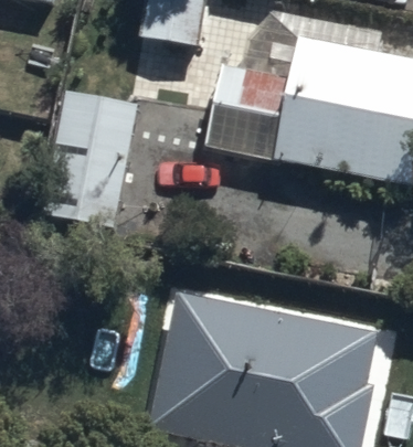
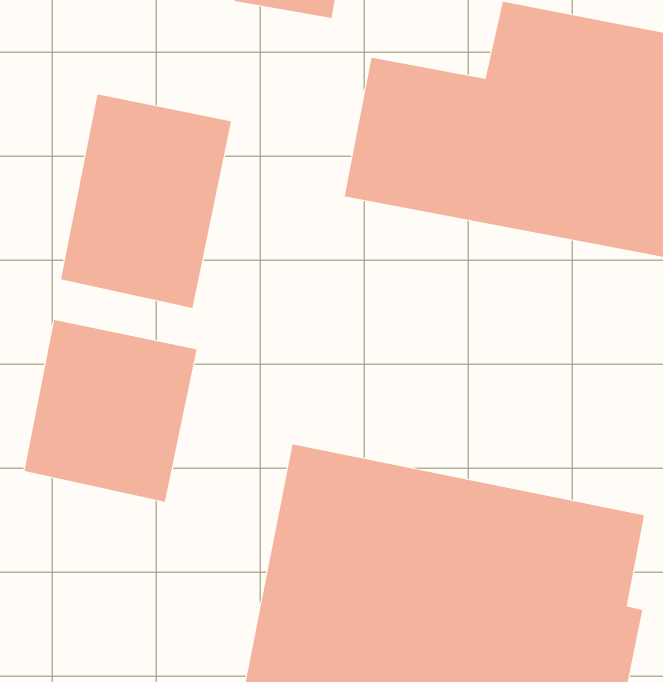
building: none -> [24,319,197,502]

